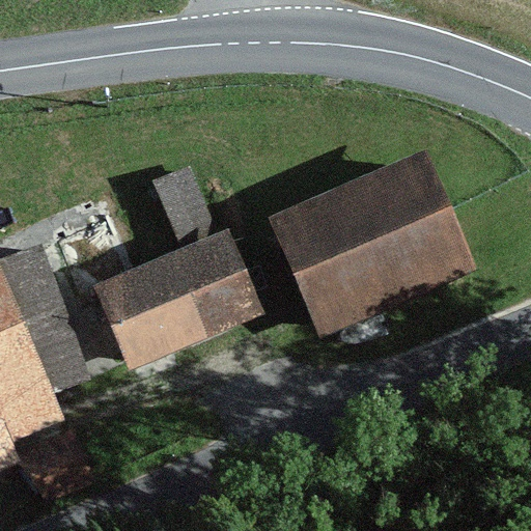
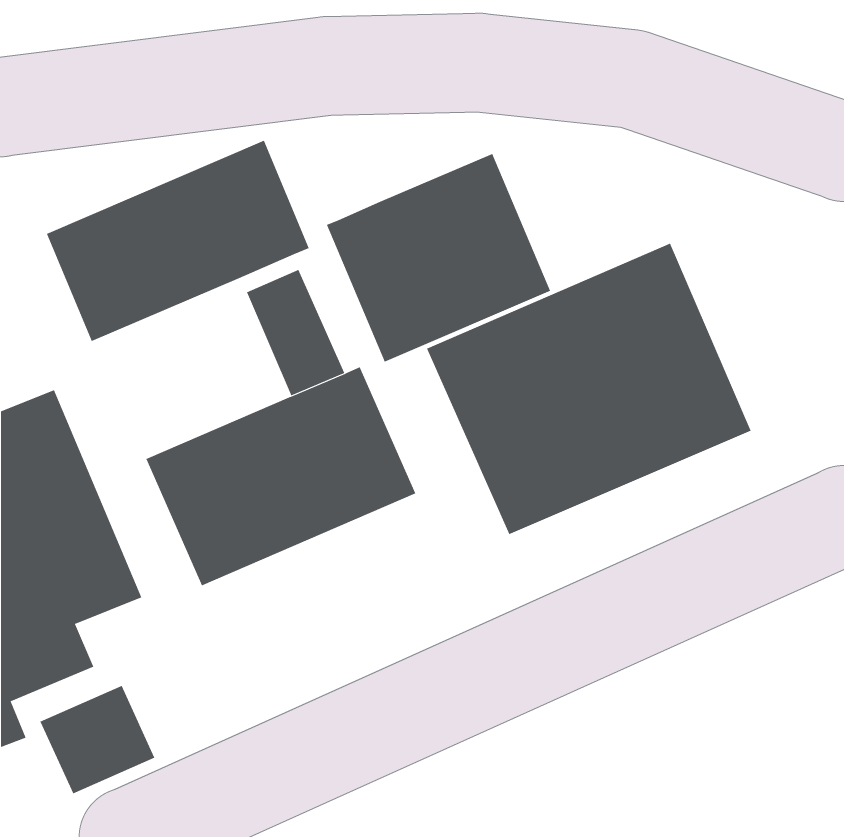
building: none -> [46,140,310,342]
building: none -> [326,153,551,363]

